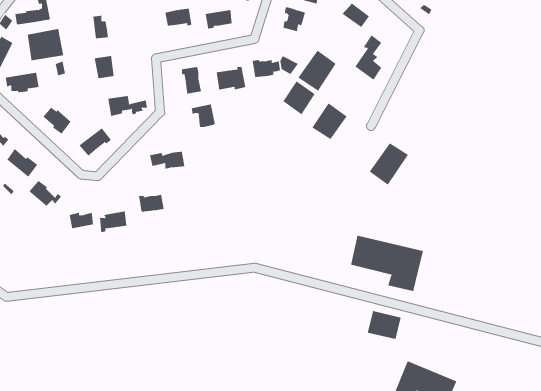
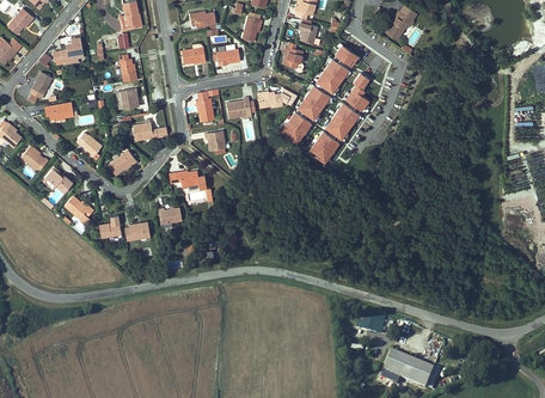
building: none -> [316,57,349,92]
building: [27,28,64,61] -> none
building: [369,142,409,185] -> [325,102,360,139]
building: [351,235,424,292] -> none

